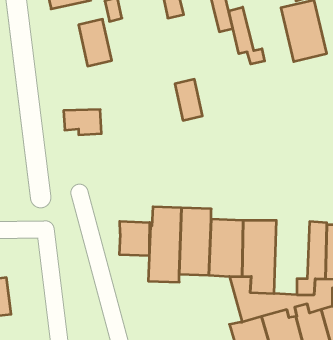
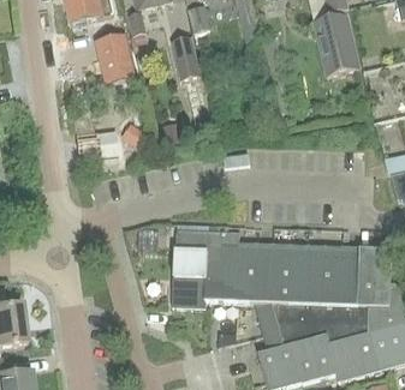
building: [229,7,265,64] -> none
building: [175,79,202,120] -> [172,36,201,79]
building: none -> [305,244,343,322]
building: [120,221,150,256] -> none

